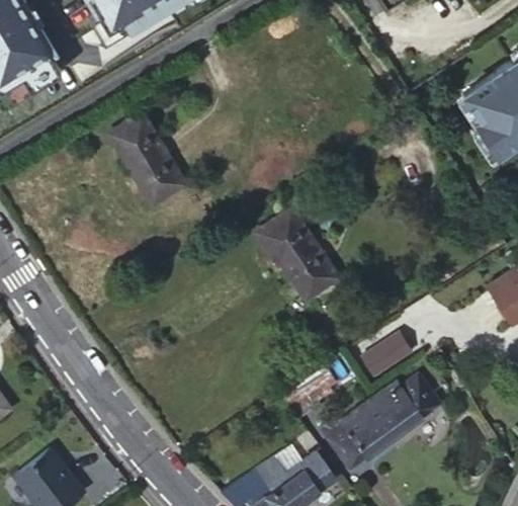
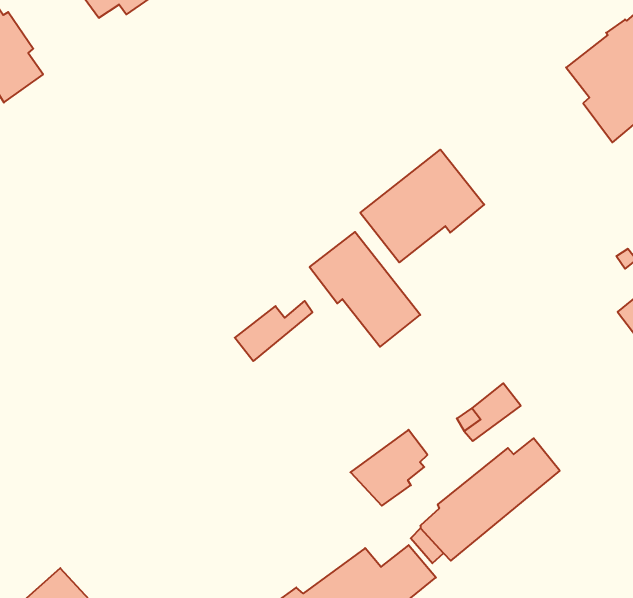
building: [108,113,185,205] -> none
building: none -> [360,150,484,262]
building: none -> [235,301,312,361]

